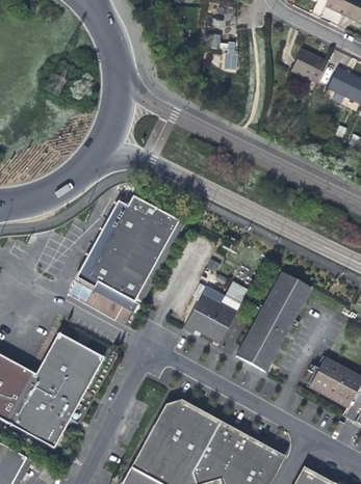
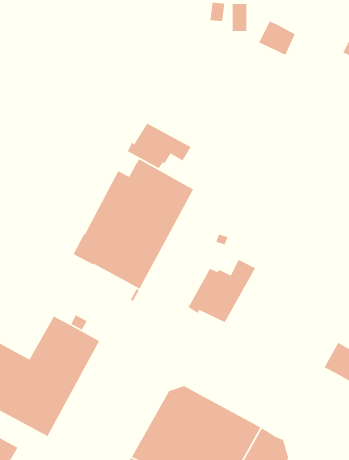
building: [293,50,329,83] -> [258,21,296,56]
building: none -> [127,123,192,169]
building: [238,273,308,370] -> none

